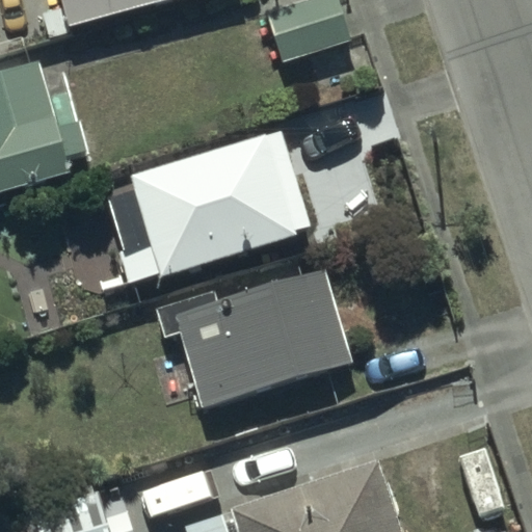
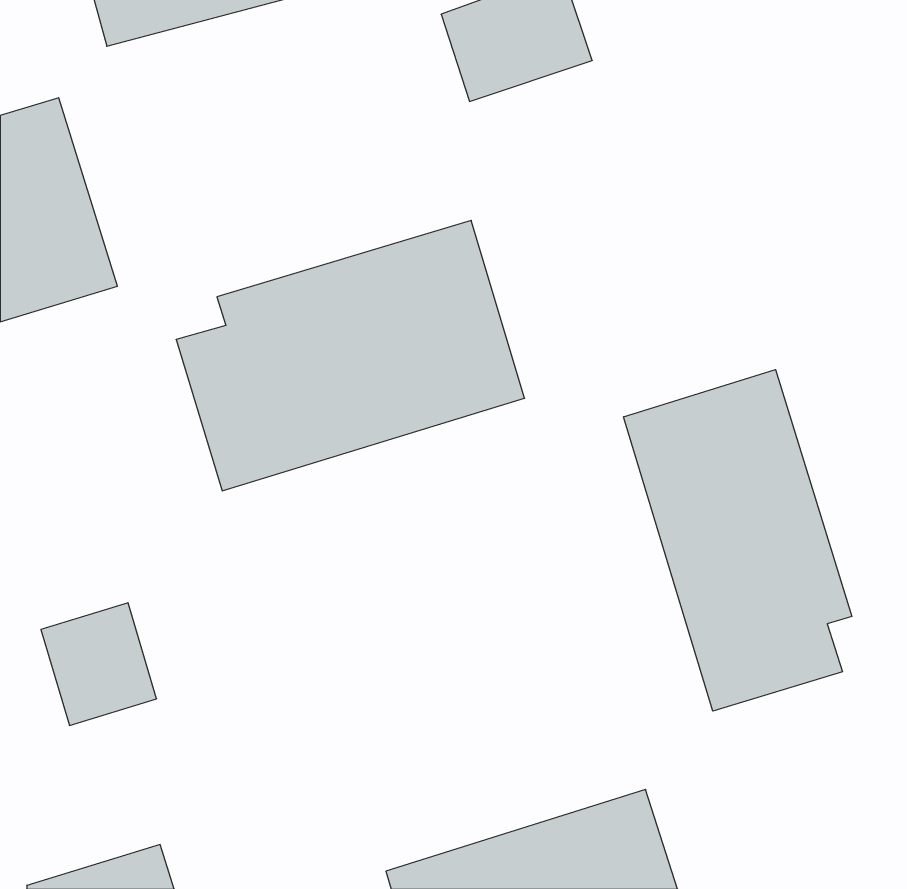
building: none -> [624,370,852,711]
building: [175,267,354,408] -> none

